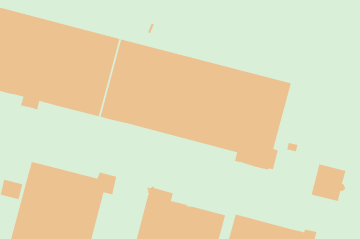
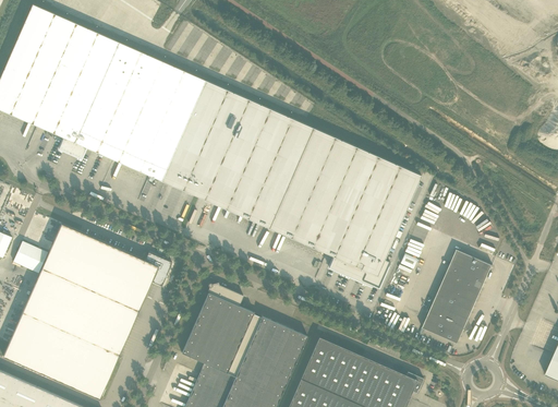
building: none -> [439,249,492,303]

